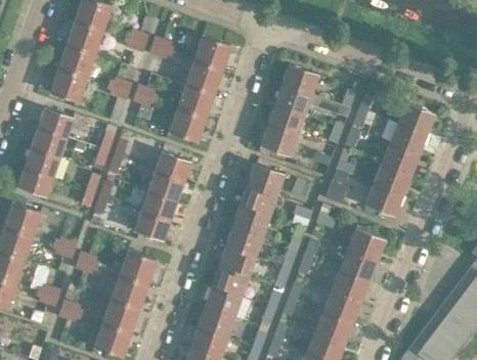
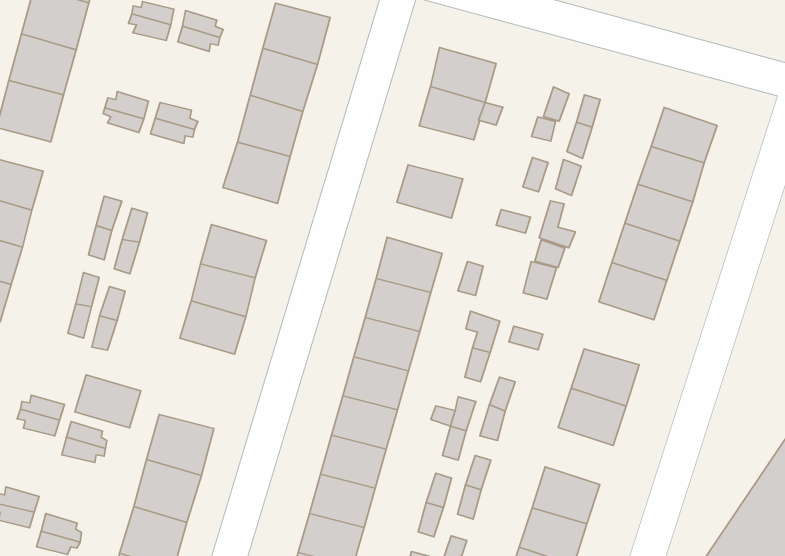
building: [268,105,304,135] -> none
building: [134,211,170,240] -> [75,375,141,428]
building: [332,270,368,302] -> none

